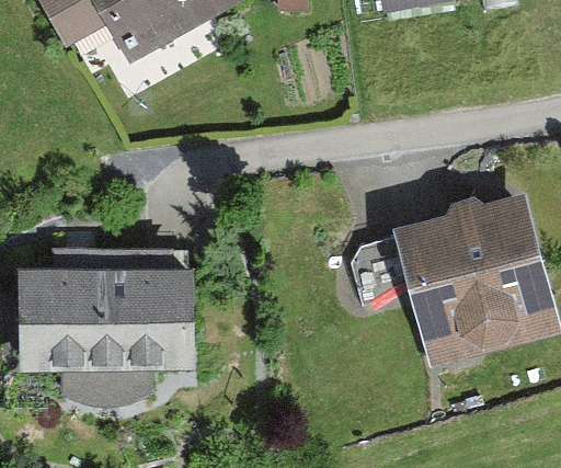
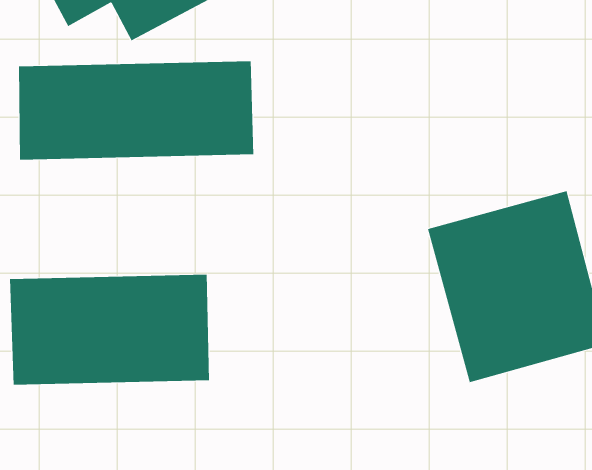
building: none -> [19,60,254,161]

